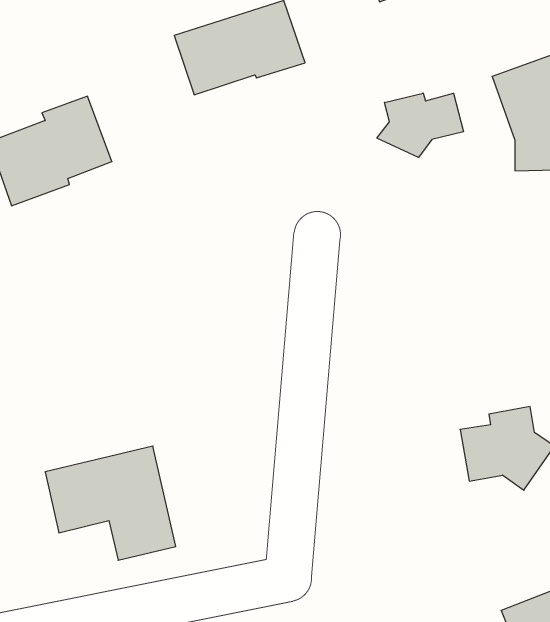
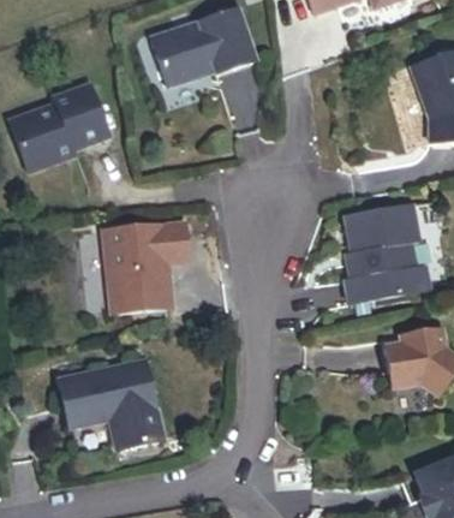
building: [377,93,463,157] -> none
building: none -> [356,202,440,299]
building: none -> [104,221,191,314]

